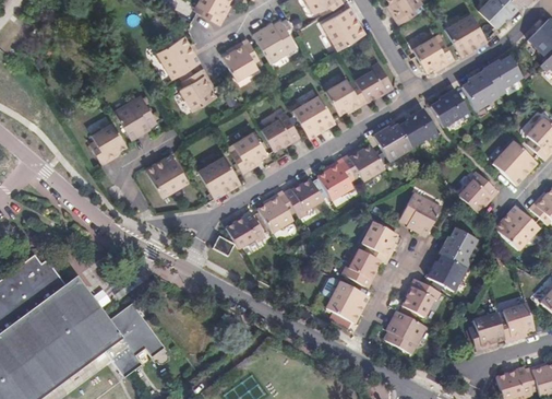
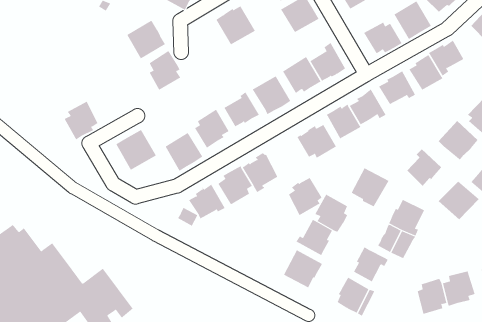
building: [223,37,257,78] -> none
building: [115,95,155,140] -> none
building: [316,161,353,202] -> [288,177,322,216]

